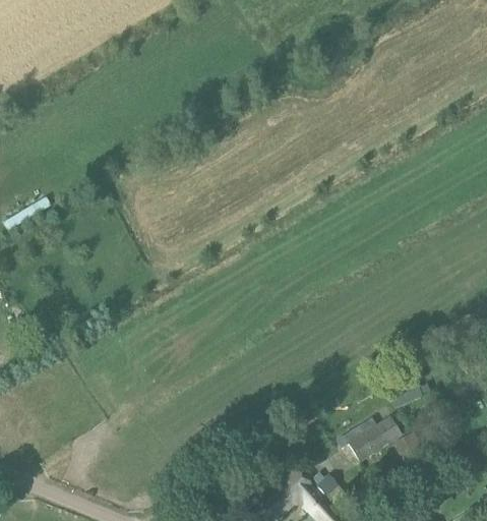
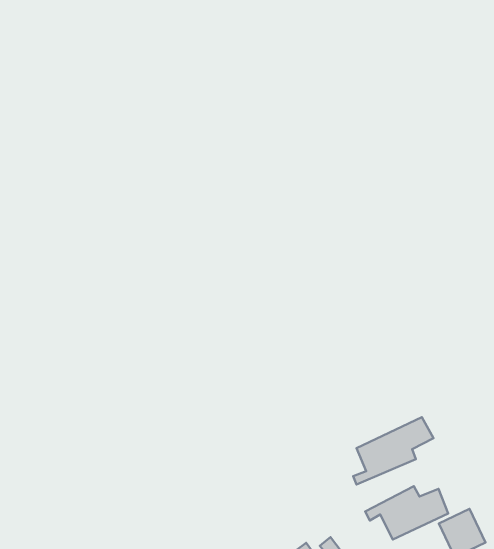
building: none -> [353,417,434,485]

